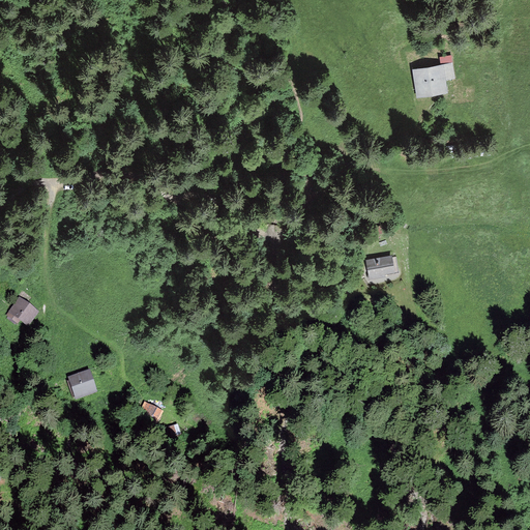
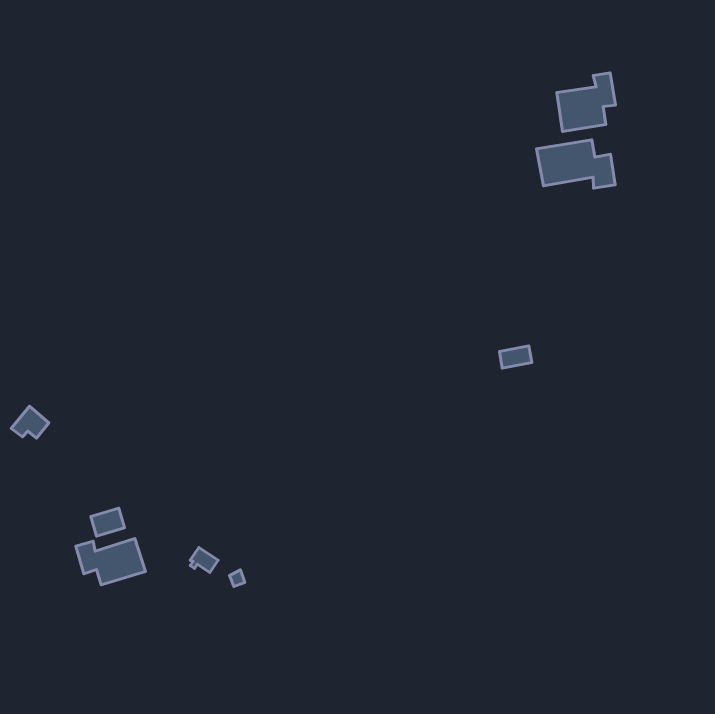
building: none -> [537,140,615,188]
building: none -> [76,538,146,585]

